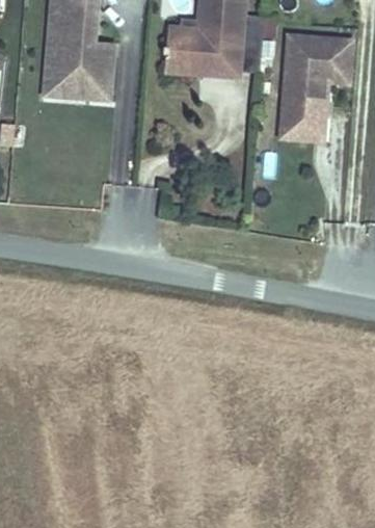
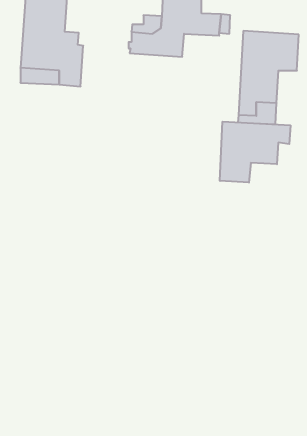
building: [162,41,263,73] -> none
building: none -> [220,122,290,183]

